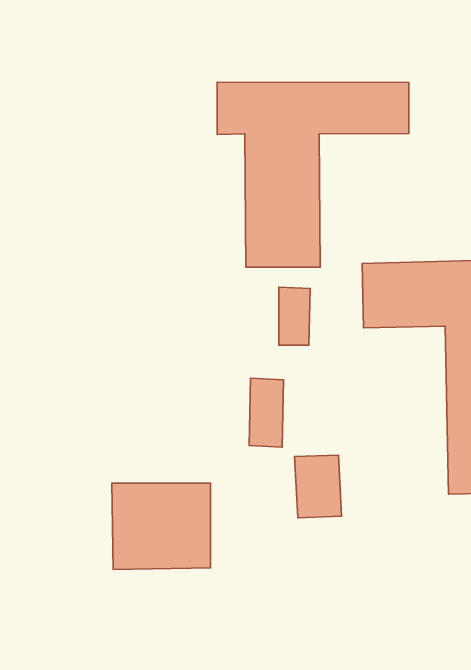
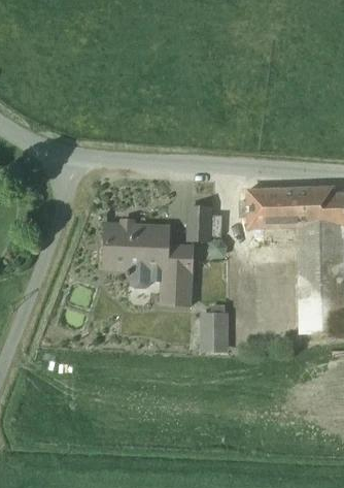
building: [217,82,409,267] -> none
building: [112,483,211,569] -> [103,221,168,278]

